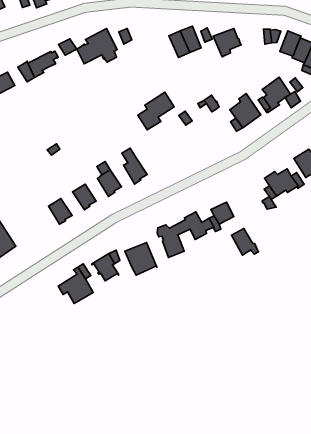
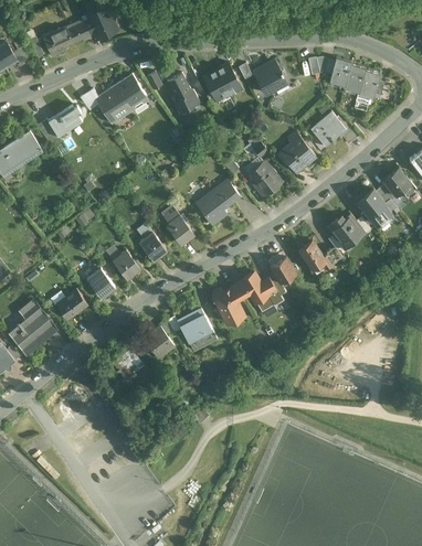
building: none -> [167,74,200,114]
building: [138,92,174,130] -> [200,180,240,224]
building: none -> [245,160,281,197]
building: none -> [56,290,85,320]
building: [231,229,258,255] -> [298,238,330,268]

